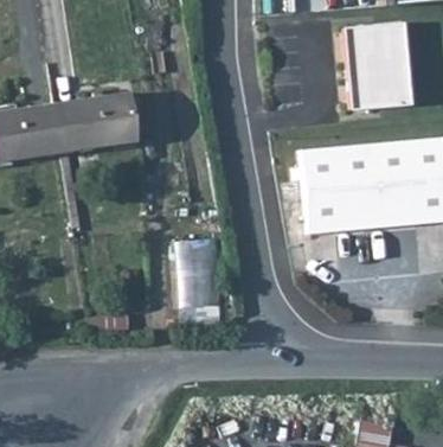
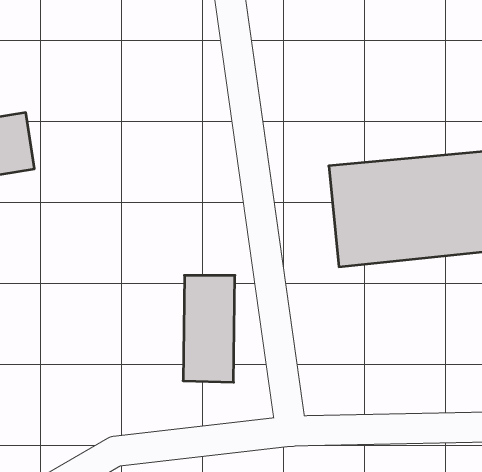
building: [341,21,409,109] -> none
building: [50,92,130,152] -> none

